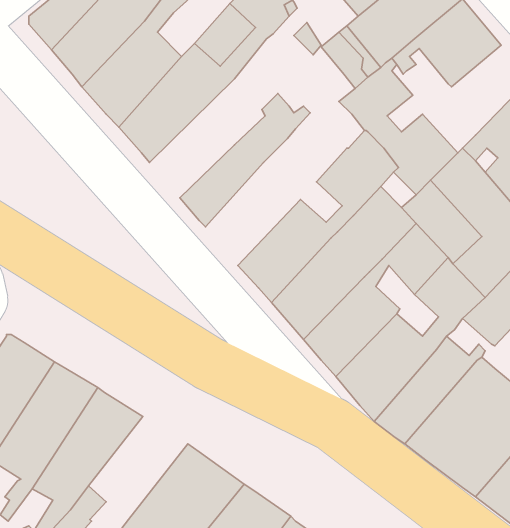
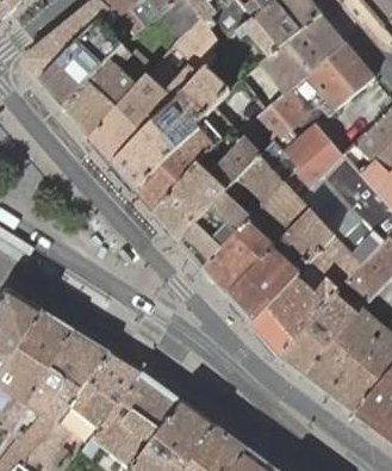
building: none -> [113,69,229,191]
building: none -> [155,119,263,241]
building: none -> [68,353,142,429]

